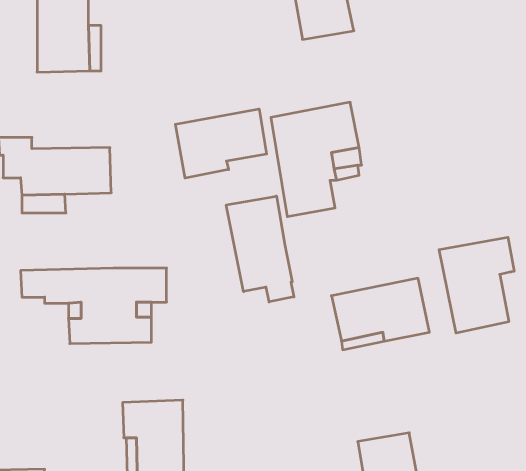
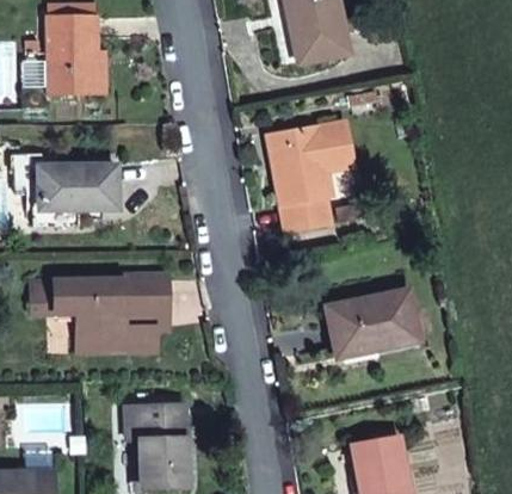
building: [175,109,267,178] -> none
building: [226,196,294,302] -> none
building: [439,237,514,333] -> none

